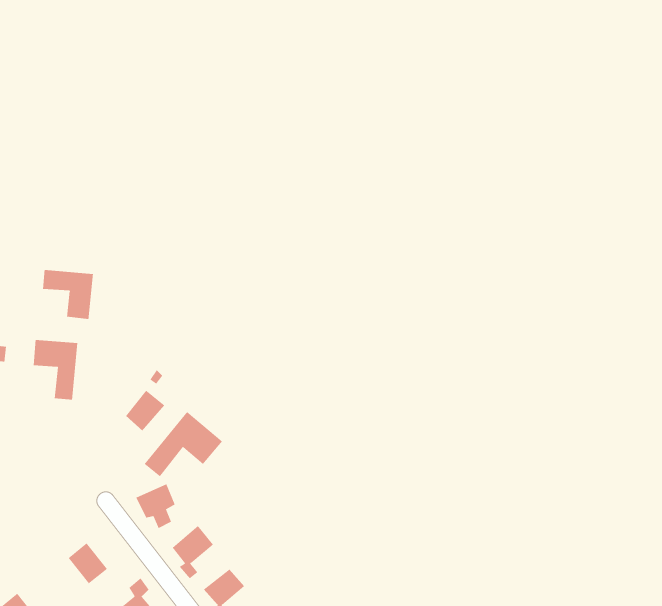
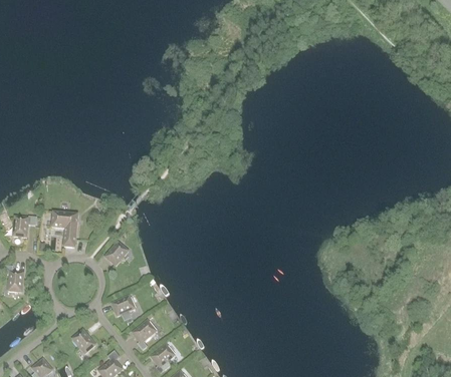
building: [42,269,93,320] -> none
building: [144,411,223,477] -> none

